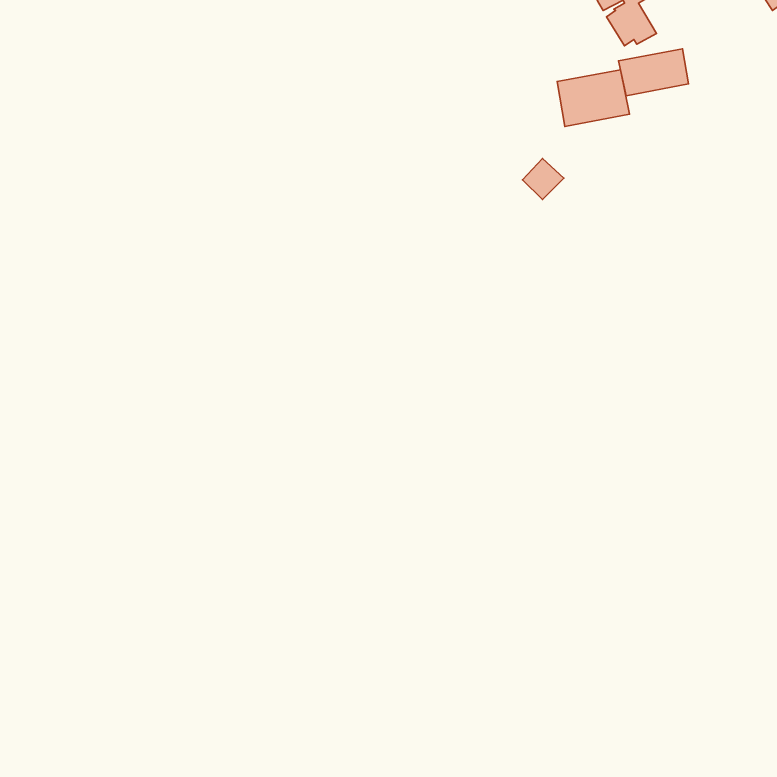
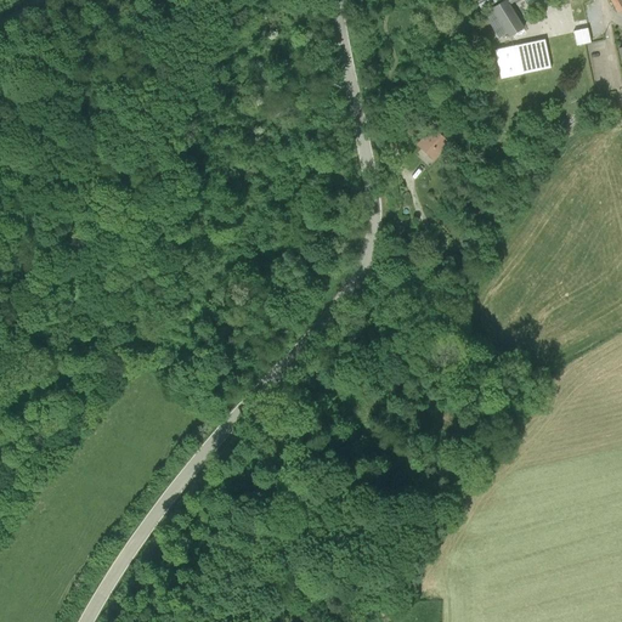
building: [557,70,630,127] -> none

